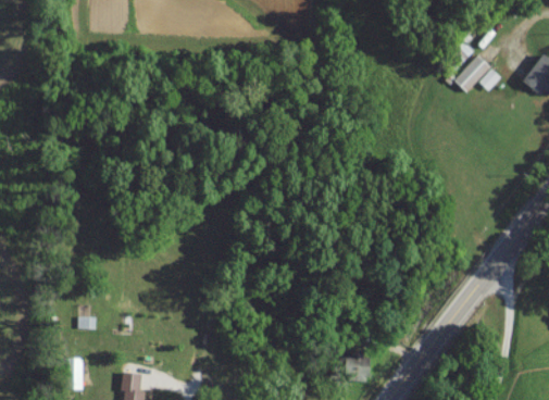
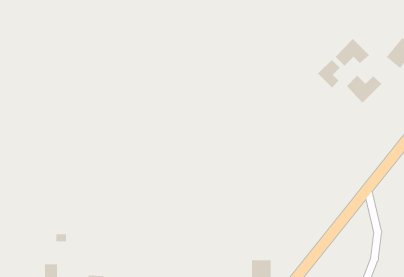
building: none -> [317,59,340,88]
building: none -> [346,75,382,103]

